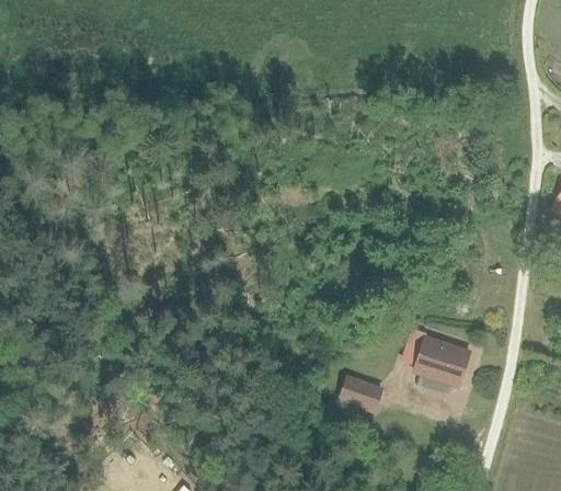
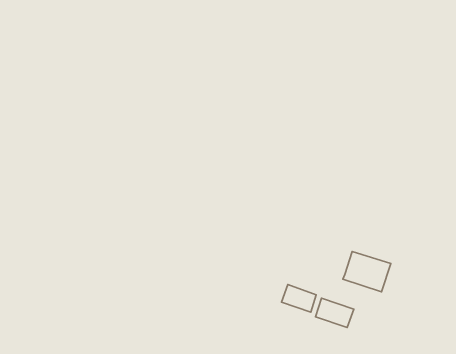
building: none -> [315,298,354,327]

